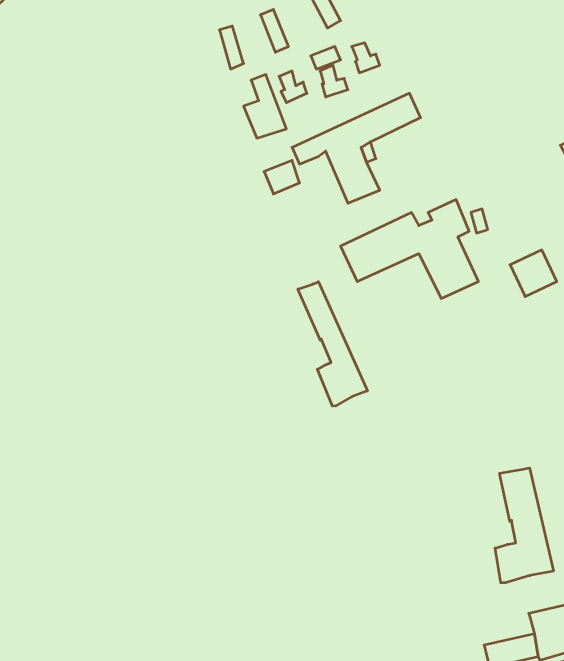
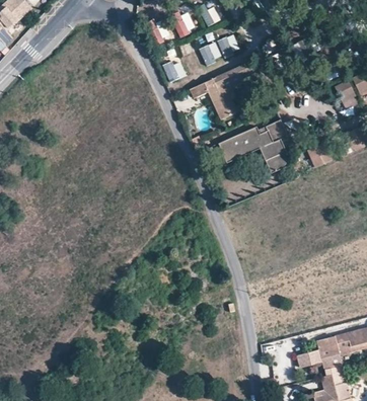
building: [298,282,367,406] -> none
building: [495,468,553,583] -> none

